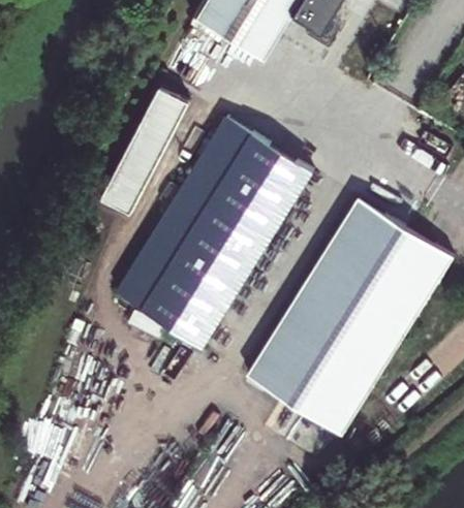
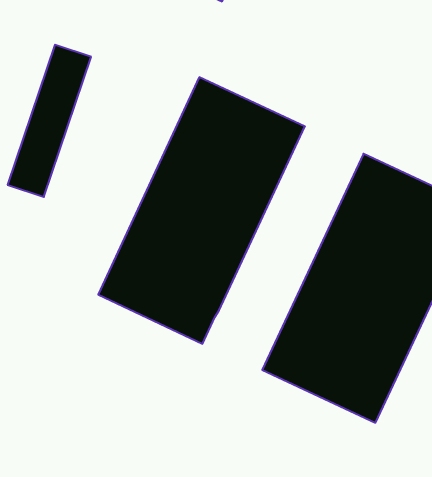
building: [104,86,190,216] -> [8,45,91,197]

